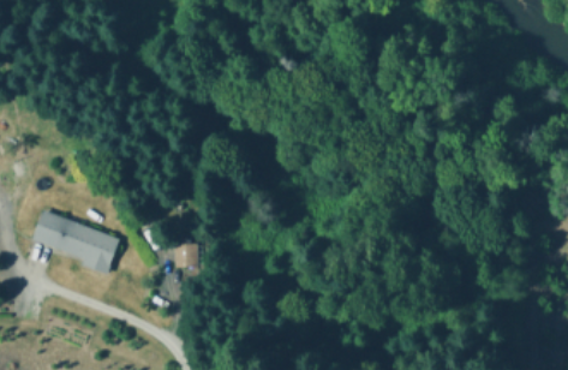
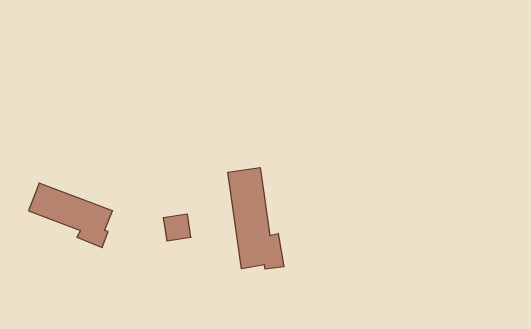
building: none -> [228,168,284,269]

